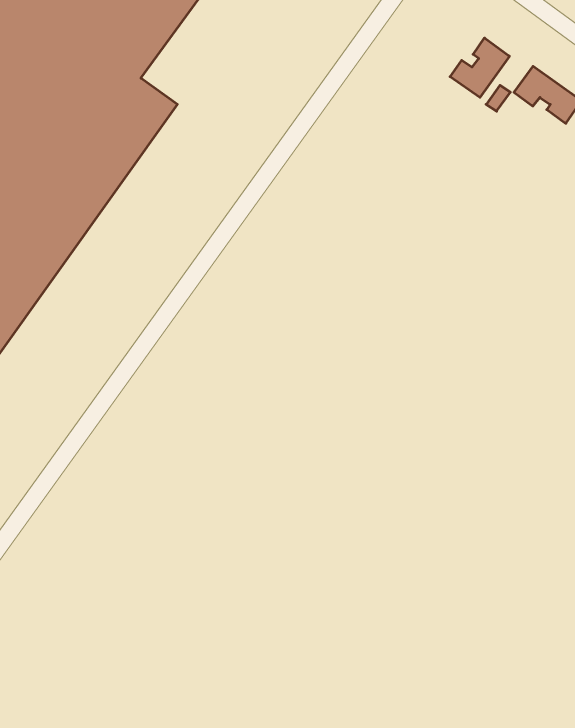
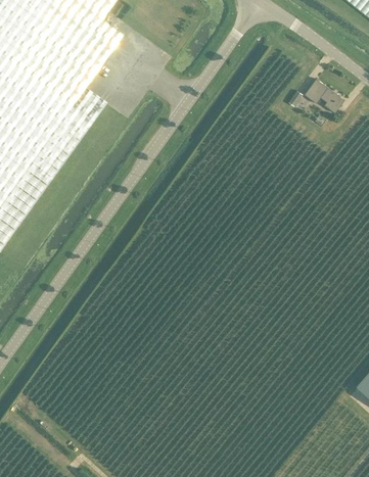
building: [450,38,509,97] -> none

